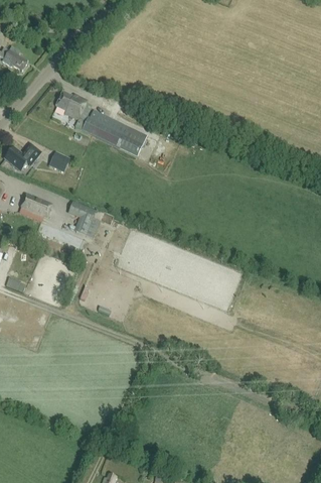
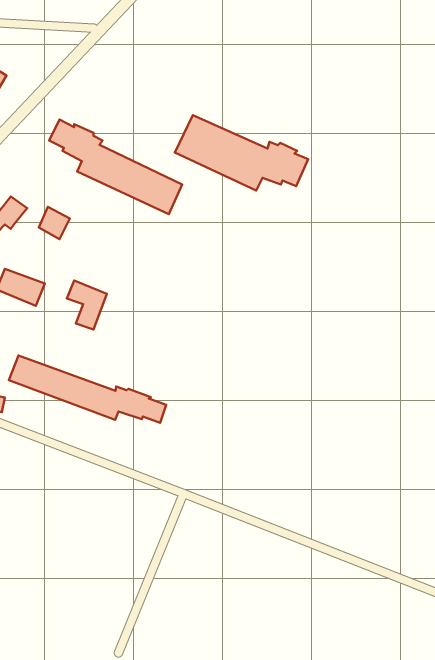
building: none -> [175,115,308,191]
building: none -> [9,356,166,423]

